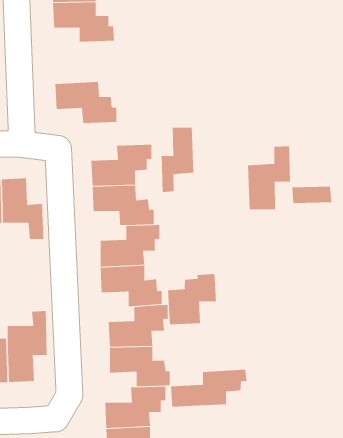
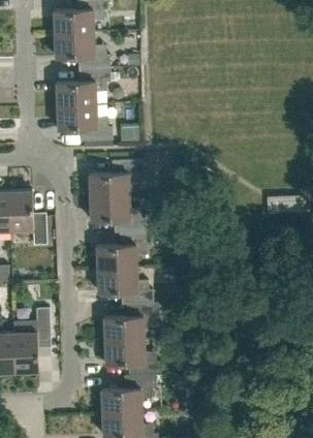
building: none -> [55,68,109,106]
building: [161,127,194,193] -> none
building: [248,145,291,210] -> none
building: [167,273,216,325] -> none
building: [171,369,247,407] -> none

